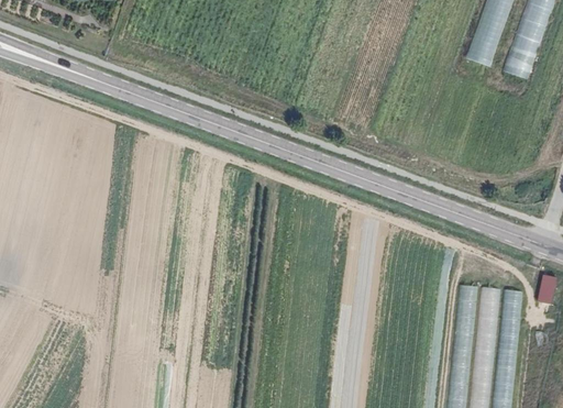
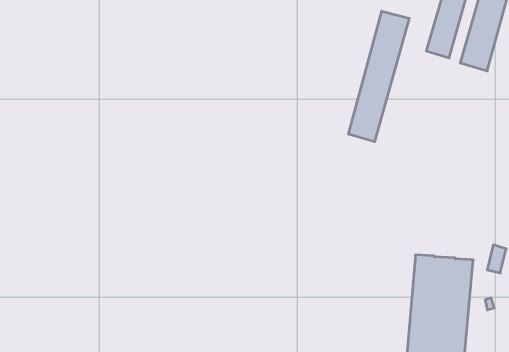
building: none -> [349,11,409,142]

